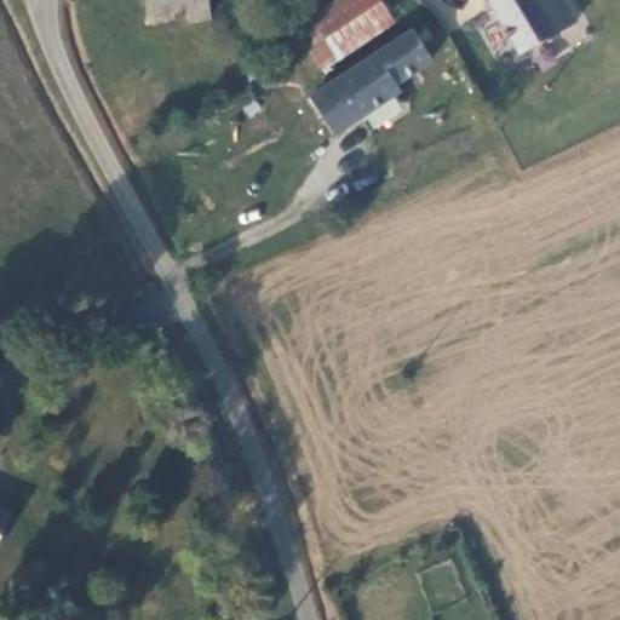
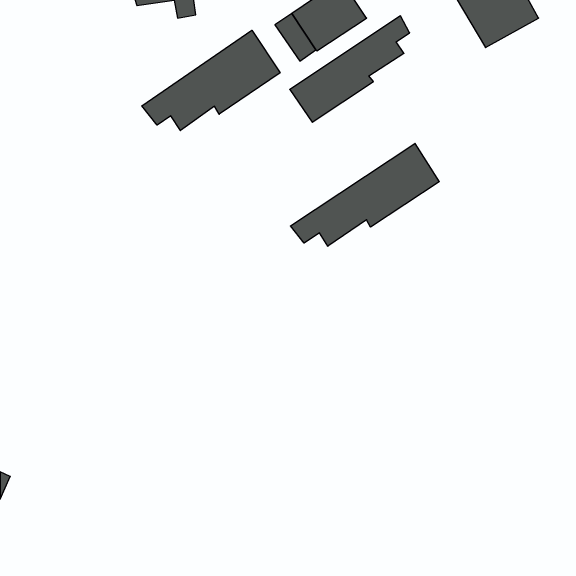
building: none -> [142,30,280,131]
building: none -> [290,143,439,246]

